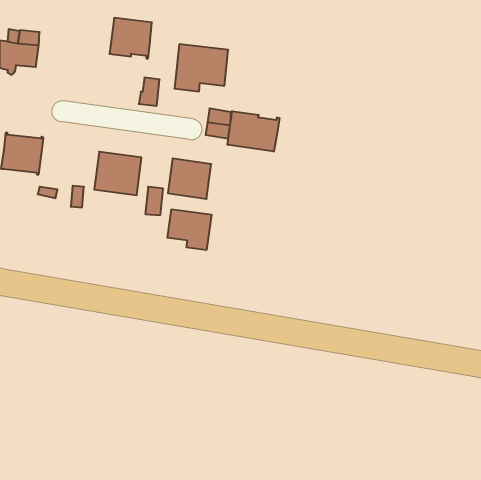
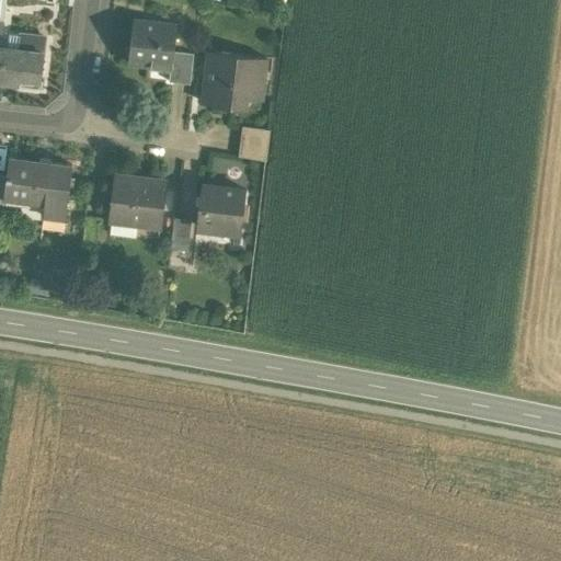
building: [139,78,160,106] -> [168,54,192,87]
building: [228,111,279,152] -> none
building: none -> [42,163,70,218]
building: [167,209,212,250] -> none

